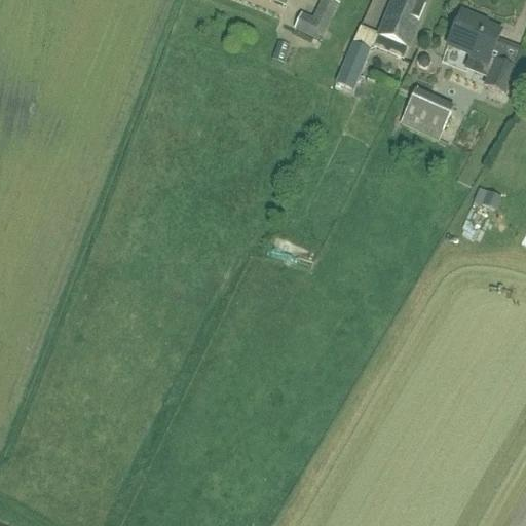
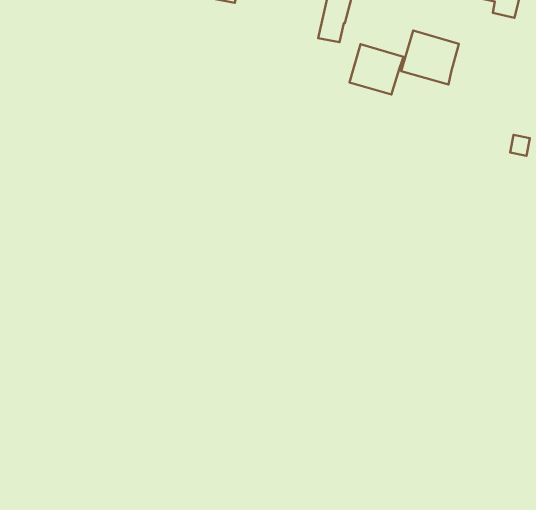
building: none -> [349,44,403,94]

